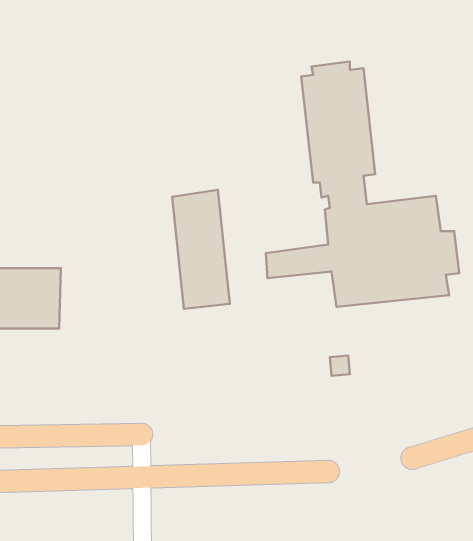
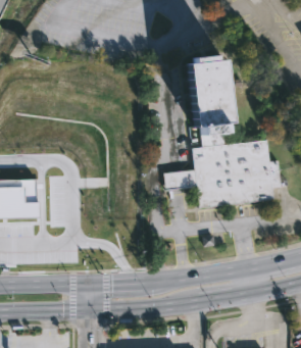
building: [172,190,230,309] -> none

